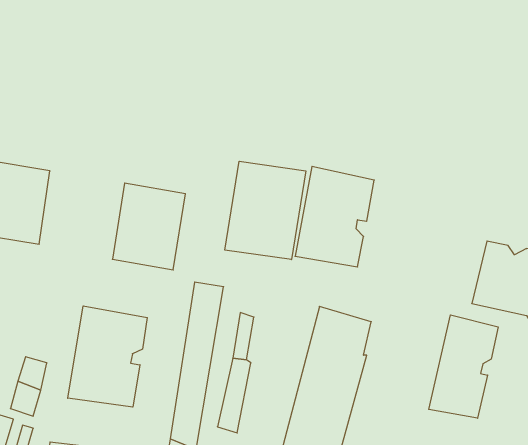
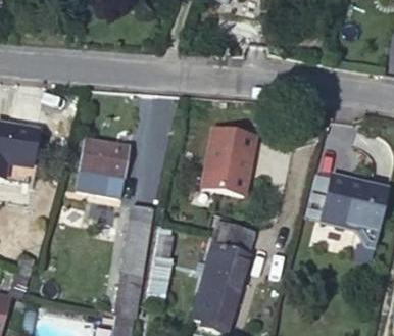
building: [225,161,306,260] -> none
building: [68,306,147,407] -> none
building: [429,315,498,418] -> none

